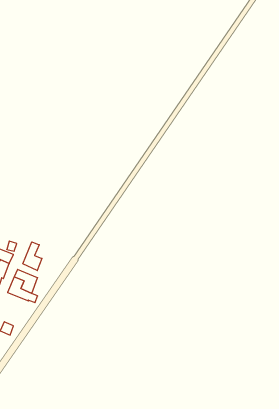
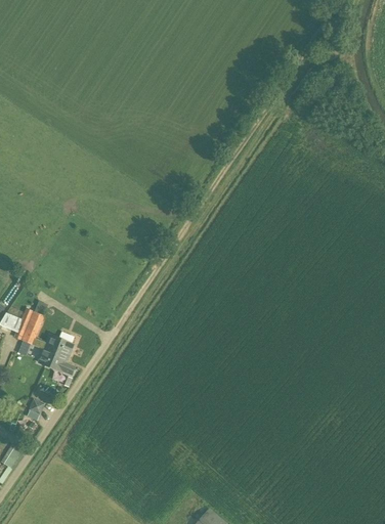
building: [23,242,42,271] -> none

